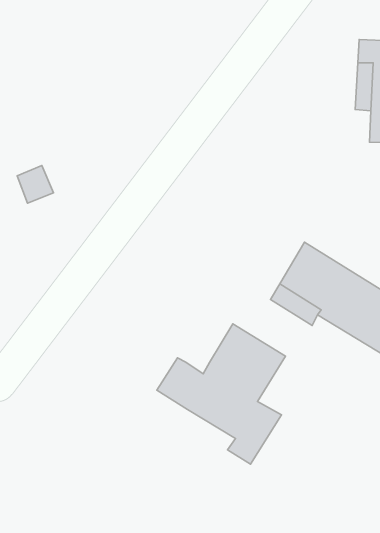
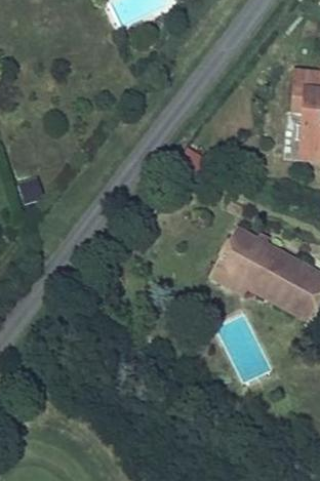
building: [157,324,286,464] -> none

